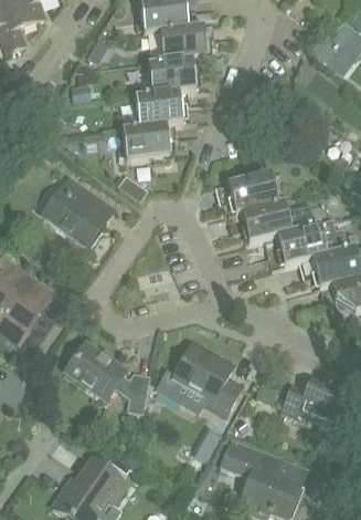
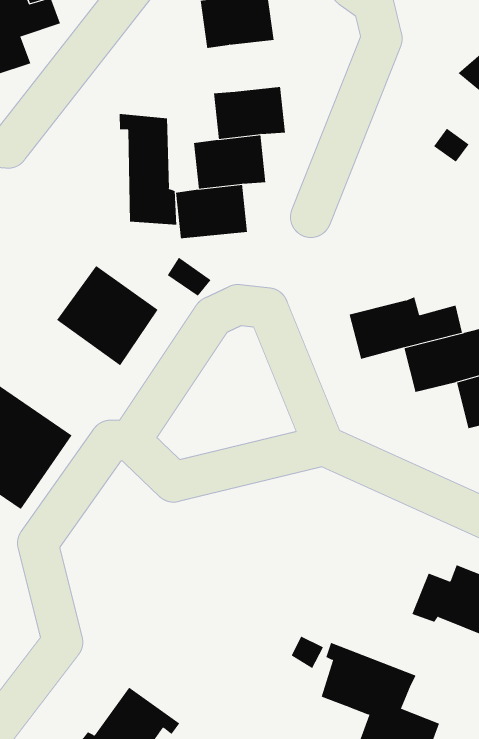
building: [159,27,206,62] -> none
building: none -> [119,113,177,226]
building: [225,170,277,212] -> none
building: [66,343,150,413] -> none
building: [153,346,241,416] -> none

